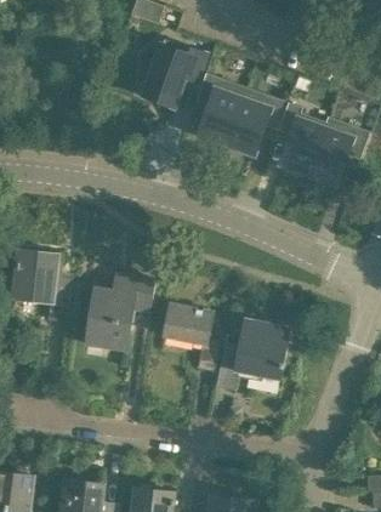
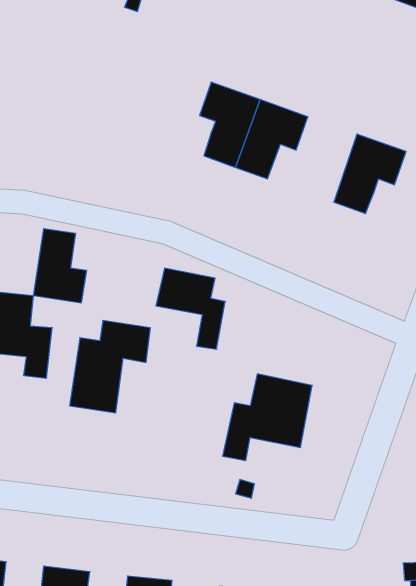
building: [143,39,205,106] -> none
building: [278,102,328,173] -> none
building: none -> [34,228,86,303]
building: [163,303,221,371] -> [156,268,225,349]

